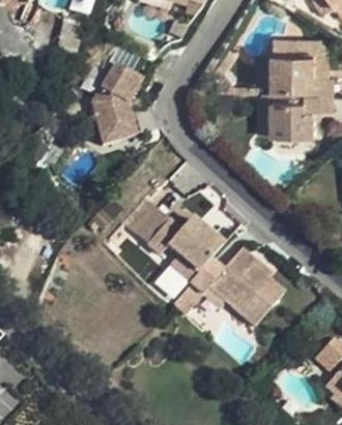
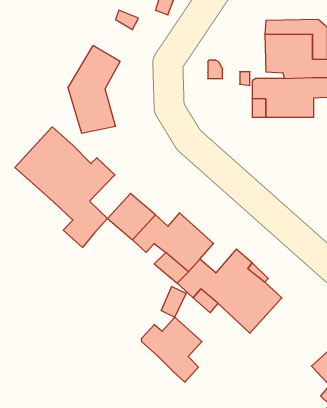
building: none -> [15,127,115,247]
building: none -> [142,317,202,382]

